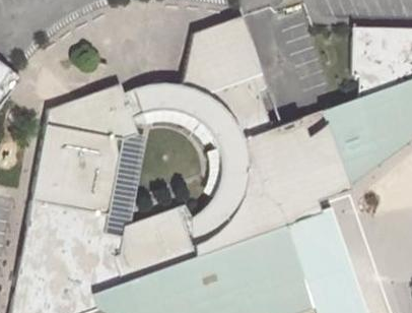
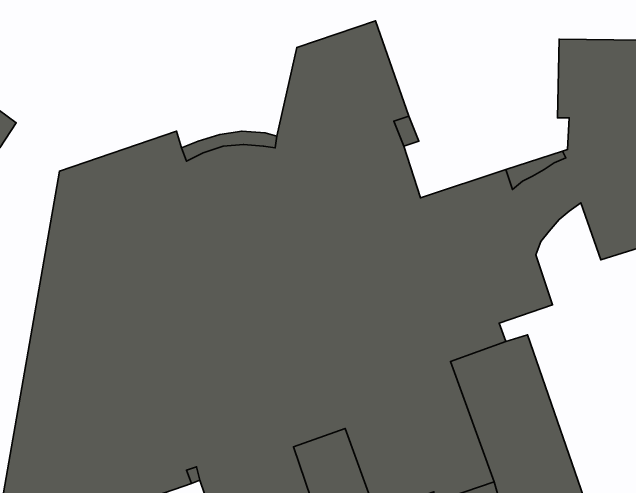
building: [338,128,377,190] -> none

